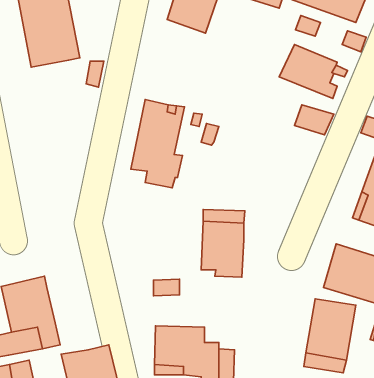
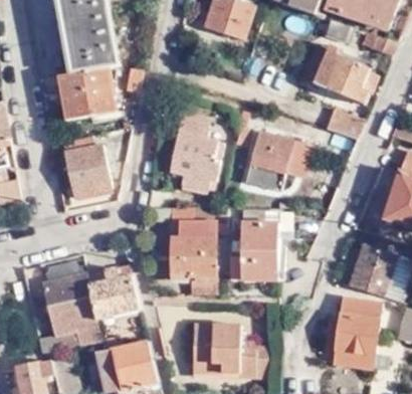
building: none -> [56,66,114,121]
building: none -> [245,134,293,192]
building: none -> [60,135,110,195]
building: none -> [169,209,224,274]
building: none -> [85,268,138,321]

